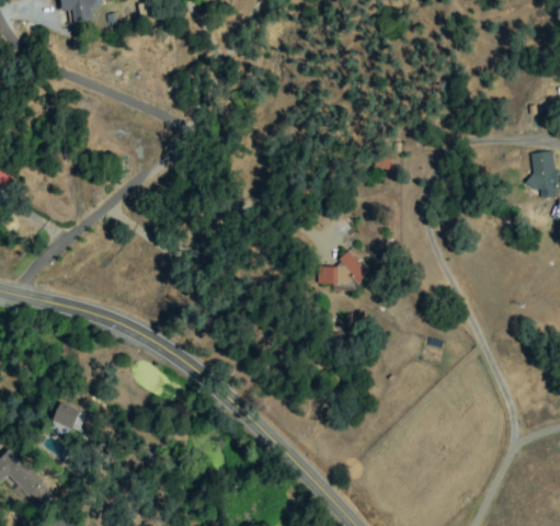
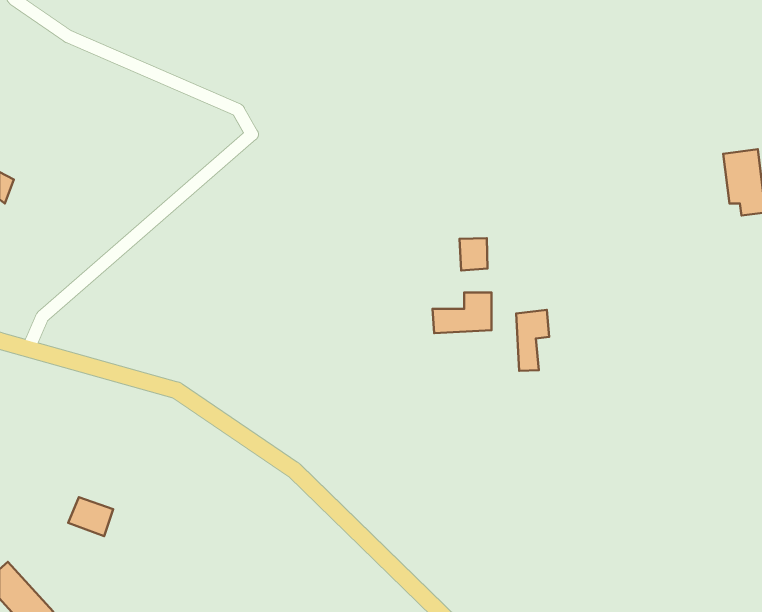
building: none -> [459,238,487,271]
building: none -> [516,310,549,371]

